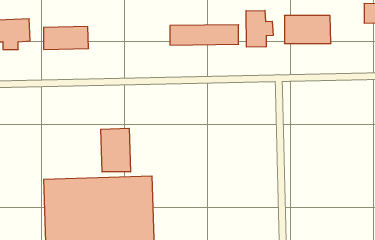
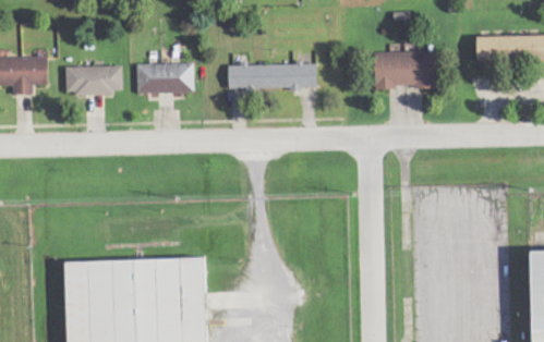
building: [246,10,273,47] -> none
building: none -> [135,62,193,91]
building: [101,128,130,172] -> none

